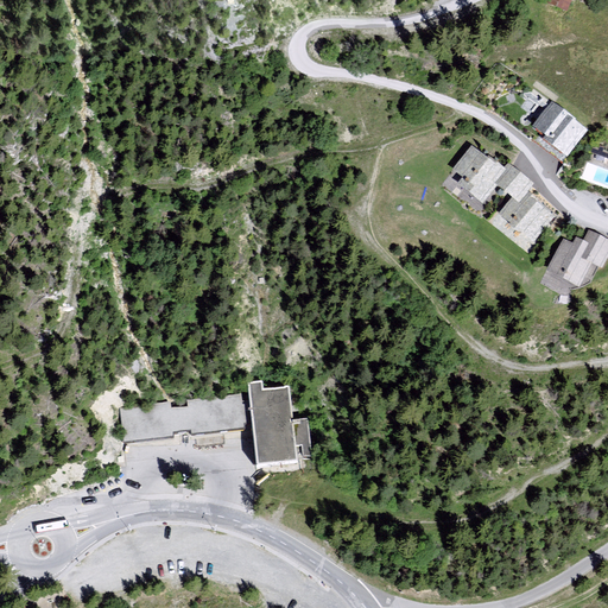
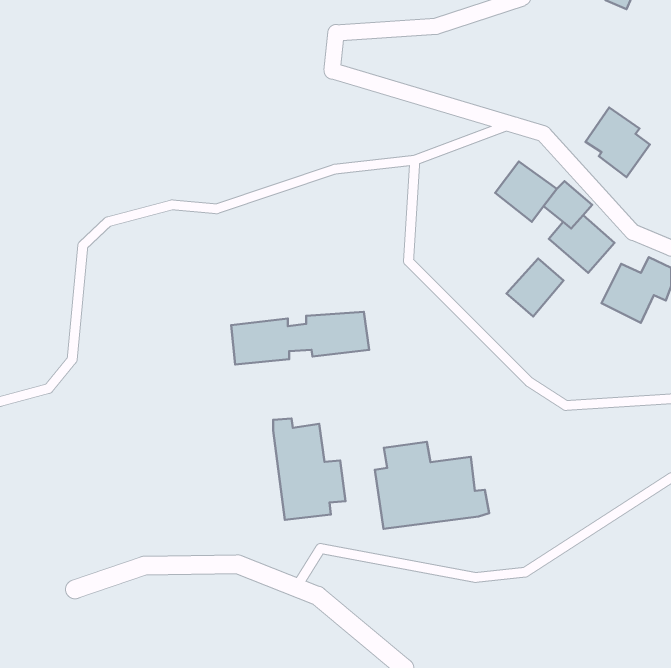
building: none -> [507,258,564,316]
building: [121,393,246,441] -> [231,312,369,364]
building: none -> [375,442,489,529]

